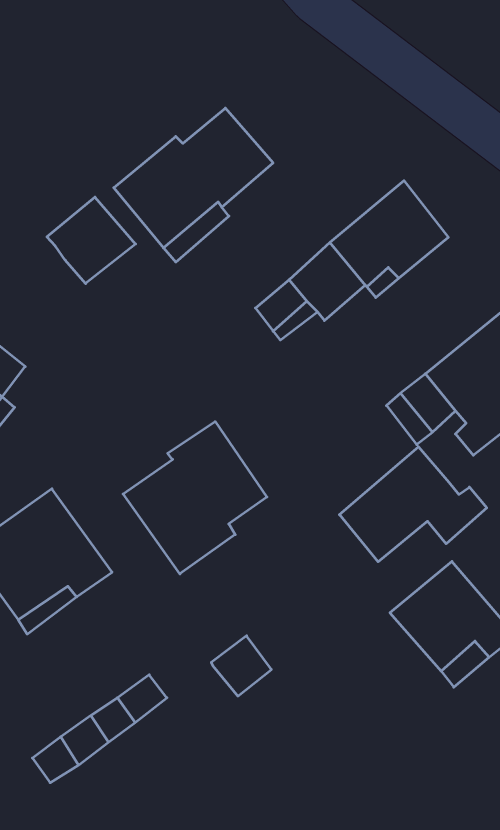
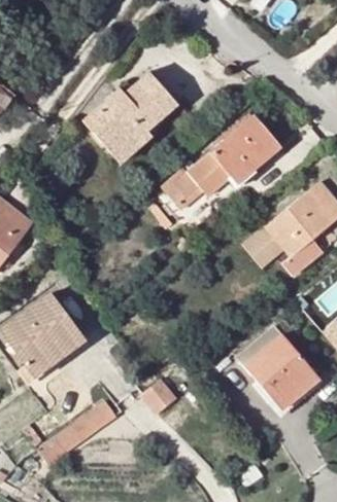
building: [47,197,136,284] -> none
building: [123,422,267,574] -> none
building: [339,447,487,562] -> none

